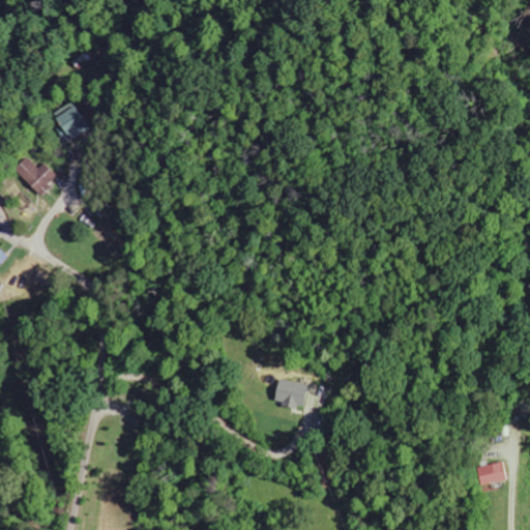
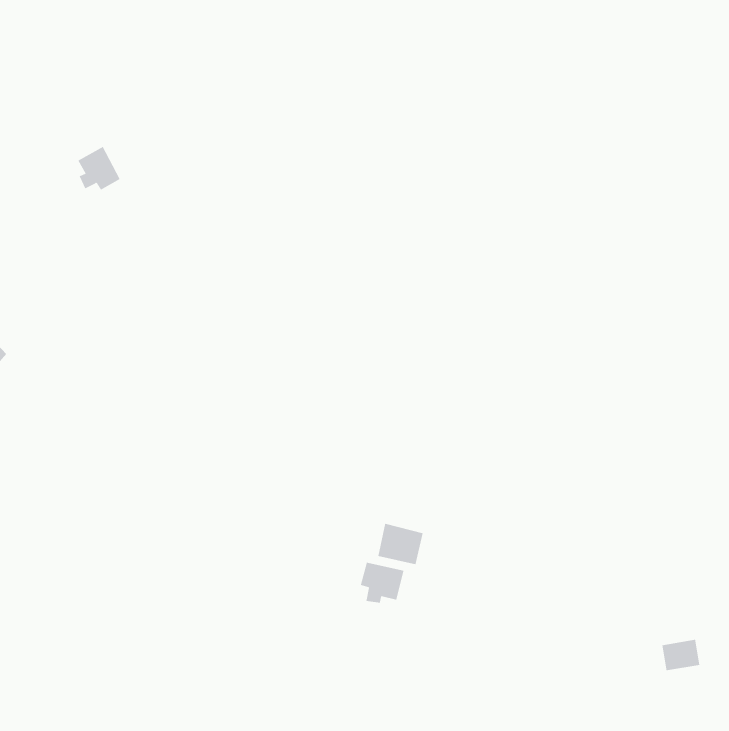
building: [16,157,57,194] -> none
building: none -> [360,562,404,604]

